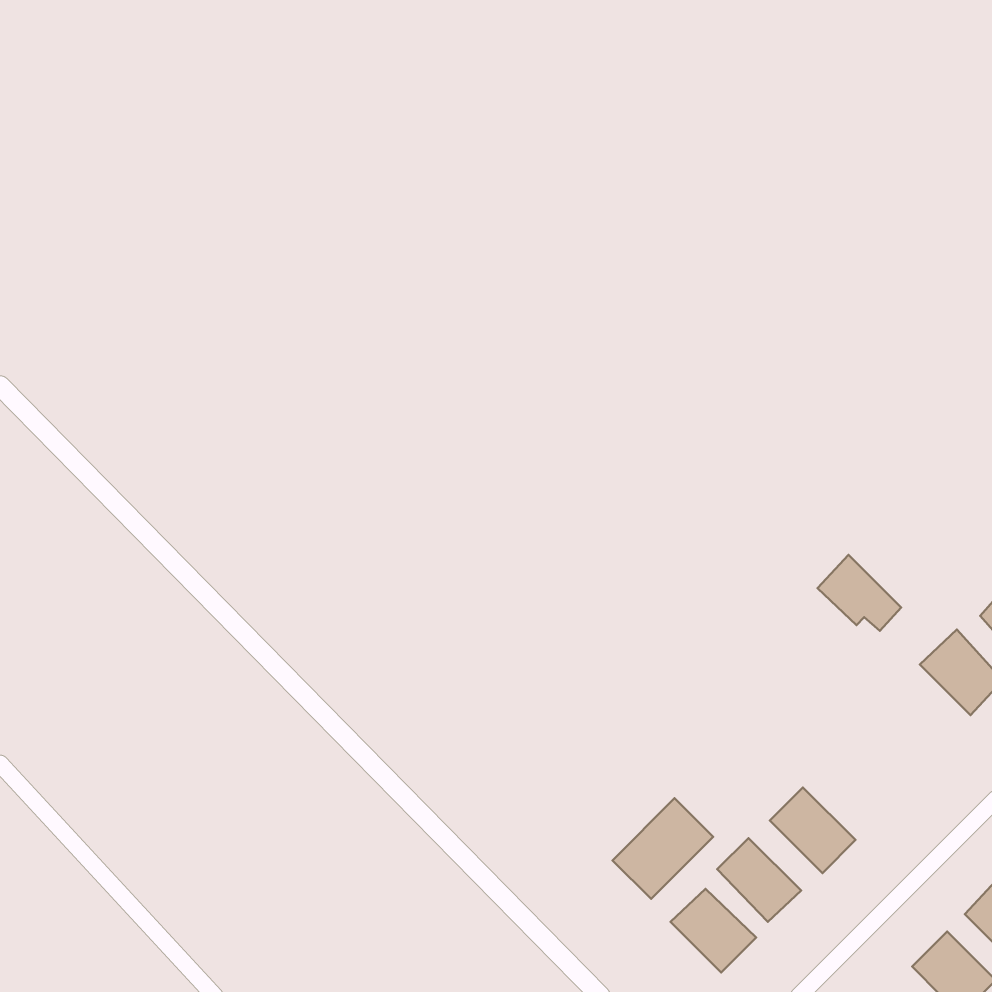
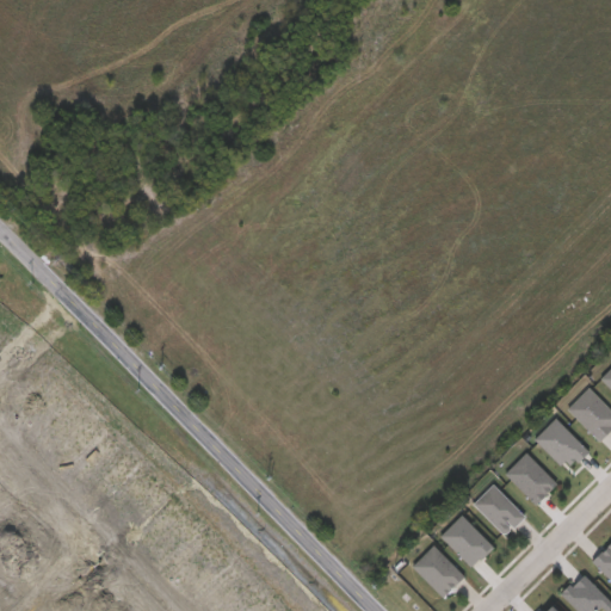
building: [817,555,901,631] -> [537,419,588,465]
building: none -> [506,451,558,504]
building: [613,798,713,899] -> none

